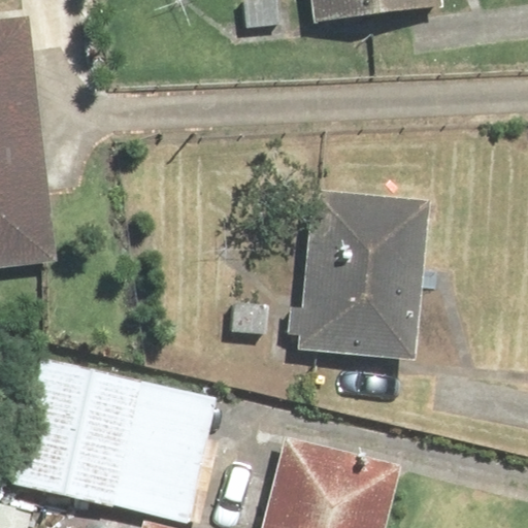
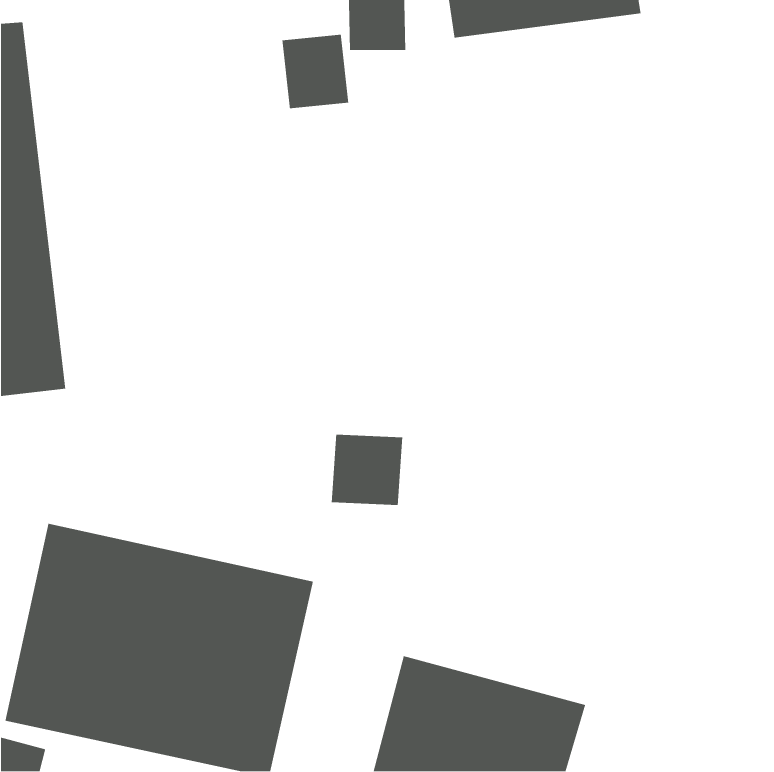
building: [293,189,429,367] -> none

